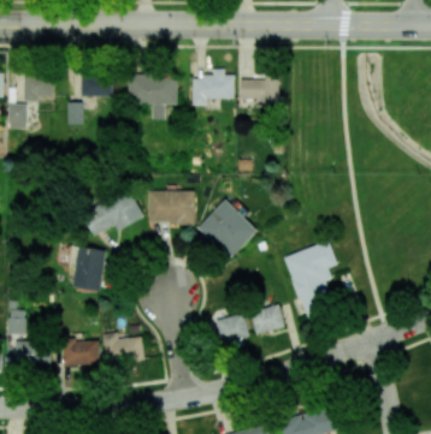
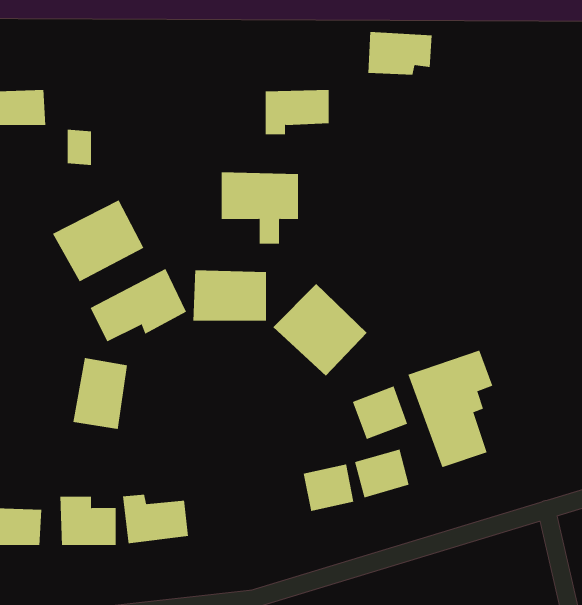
building: [81,75,112,97] -> none
building: [128,75,177,120] -> [221,172,299,244]
building: [240,77,281,105] -> [368,31,432,75]
building: none -> [52,200,144,282]
building: none -> [352,386,408,440]

